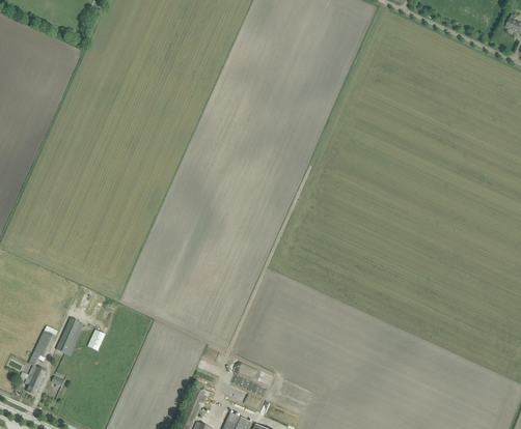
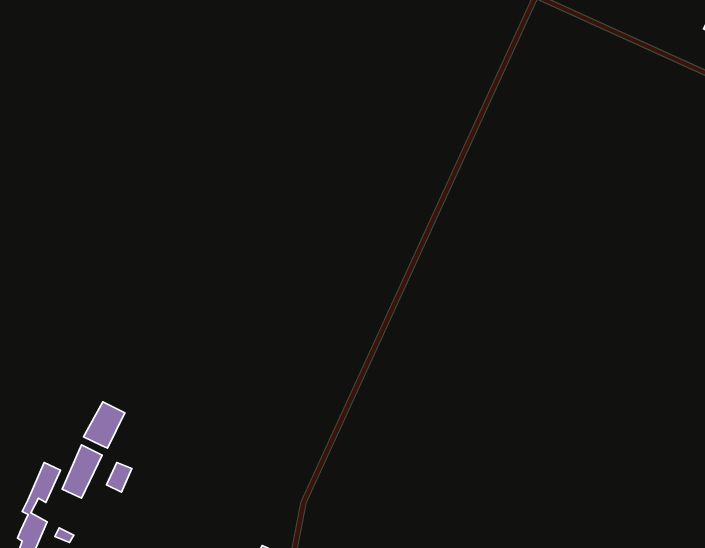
building: none -> [83,402,125,448]

